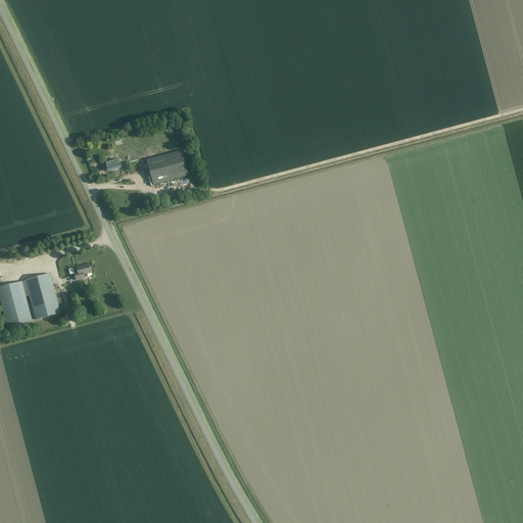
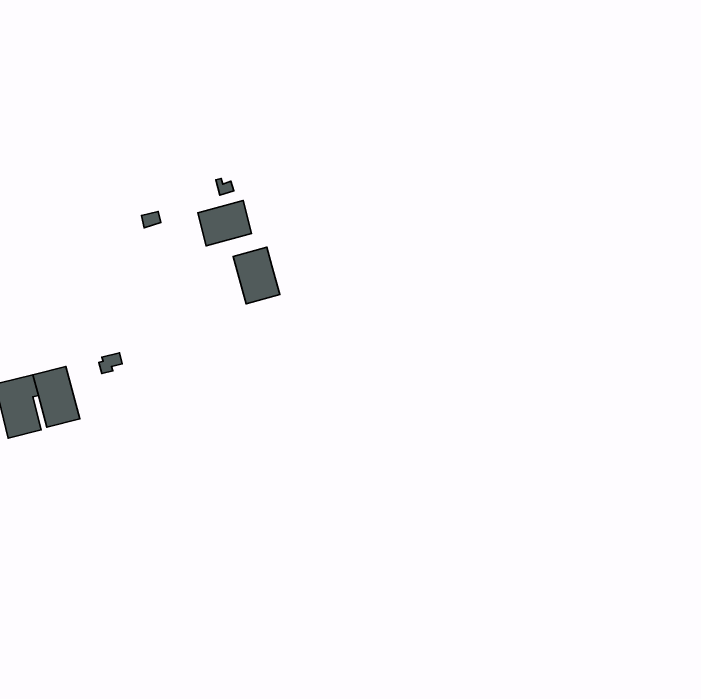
building: none -> [233,247,280,304]

